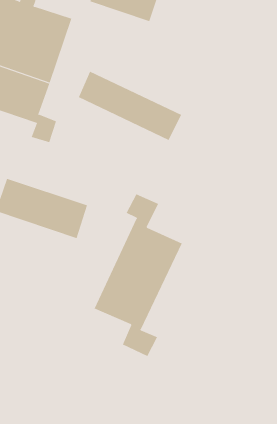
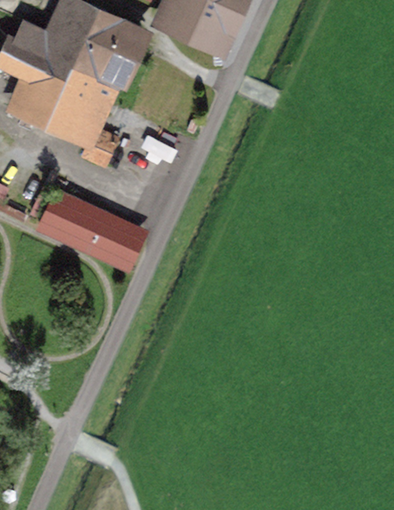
building: [78,71,182,141] -> none
building: [94,193,182,357] -> none

